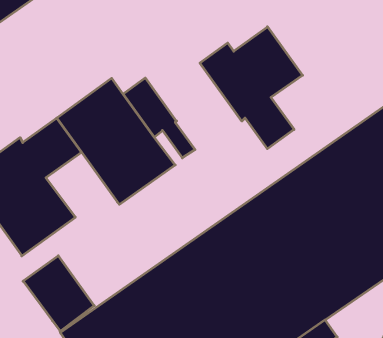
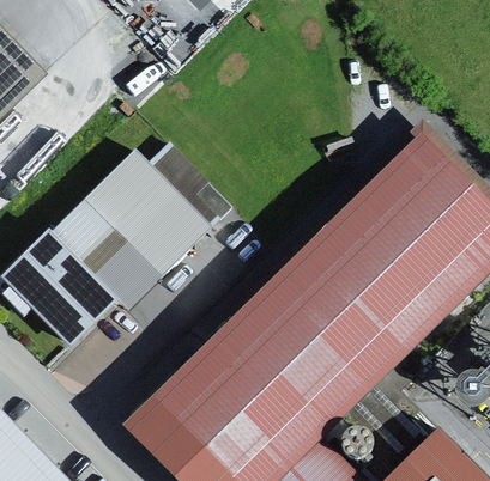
building: [200,27,303,149] -> none
building: [23,256,94,331] -> [80,232,158,310]

